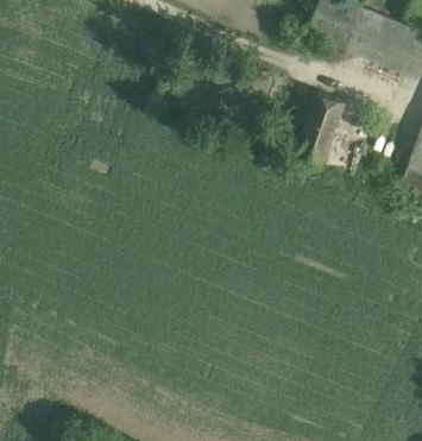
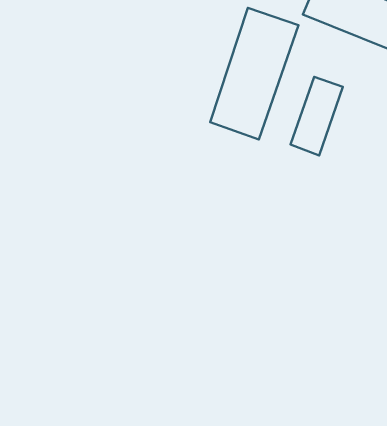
building: none -> [210,8,299,139]

